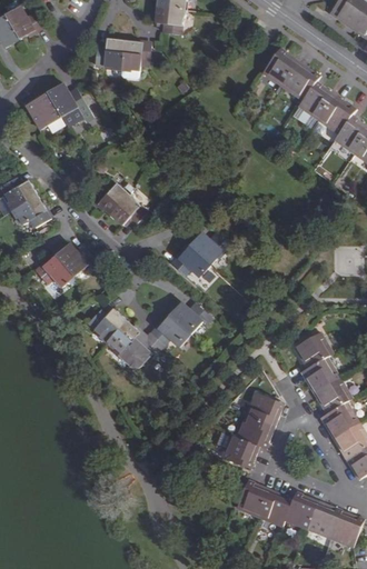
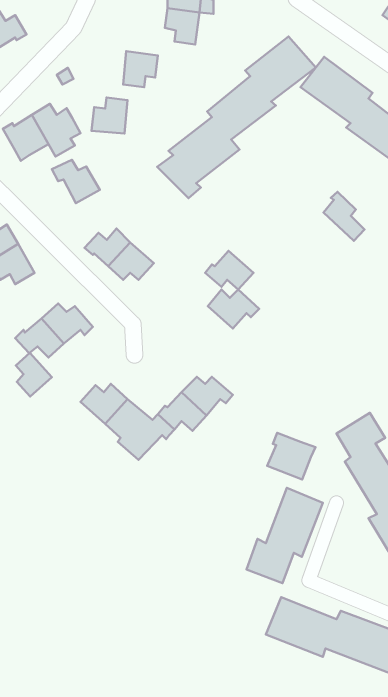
building: none -> [157,37,316,198]
building: [95,39,123,68] -> [91,97,127,133]
building: none -> [52,160,100,203]
building: none -> [324,192,364,241]
building: [170,246,209,277] -> [205,251,254,290]
building: none -> [16,353,52,397]
building: none -> [267,433,315,479]

